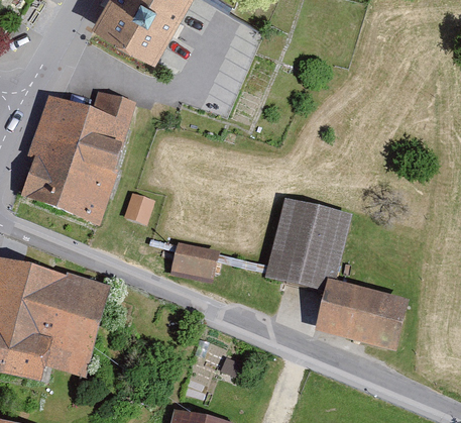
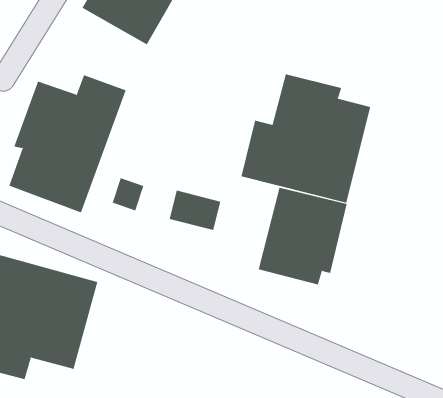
building: none -> [241,73,371,203]
building: [169,241,220,281] -> [169,190,221,231]
building: [313,280,409,352] -> none

